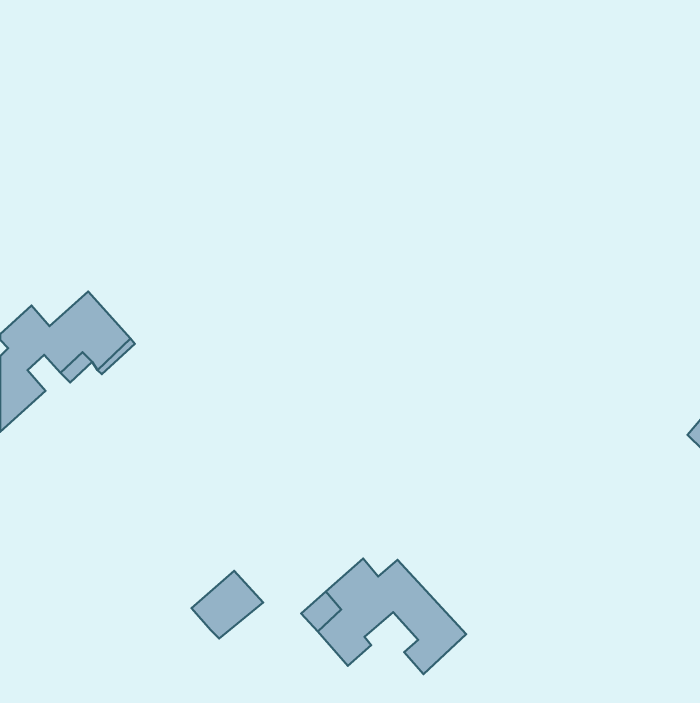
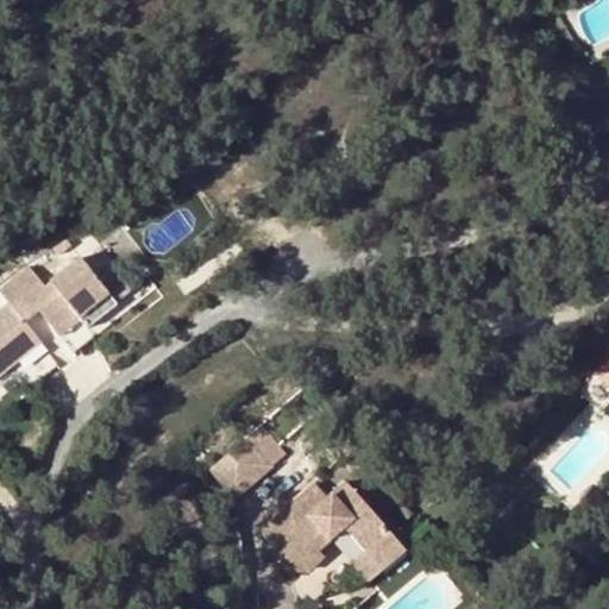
building: [192,571,263,638] -> [213,438,275,496]

